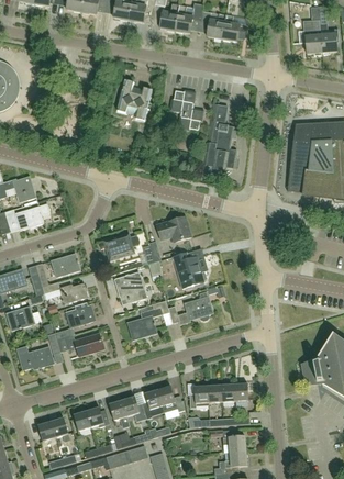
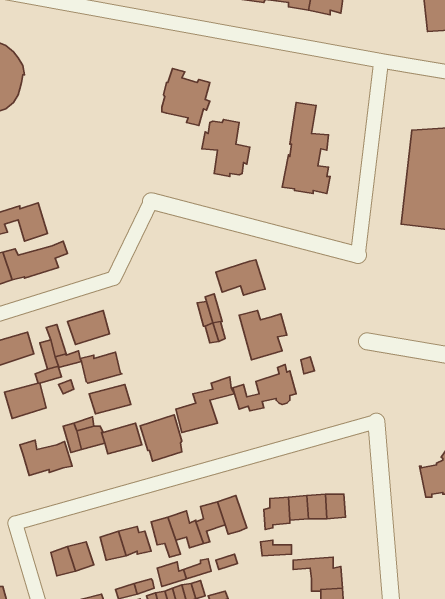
building: [169,90,203,131] -> [202,119,250,177]
building: [103,233,140,257] -> none
building: [114,271,144,304] -> [140,415,182,461]

